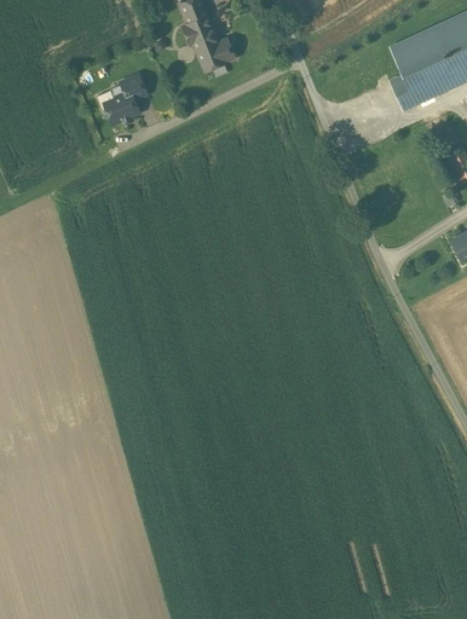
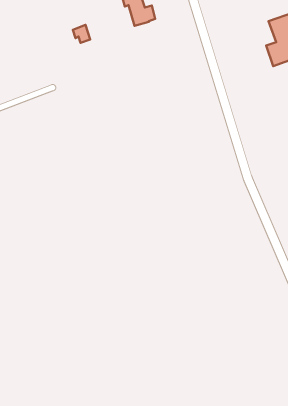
building: [106,92,139,123] -> none

